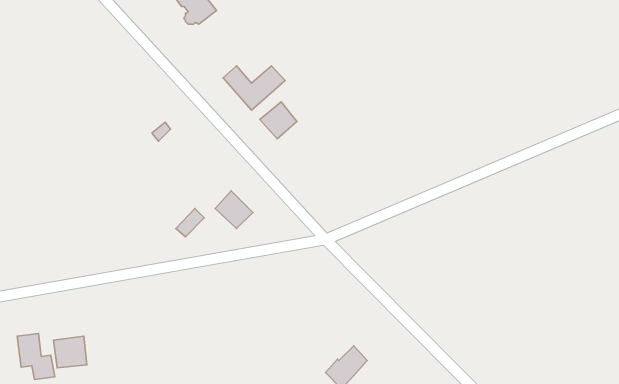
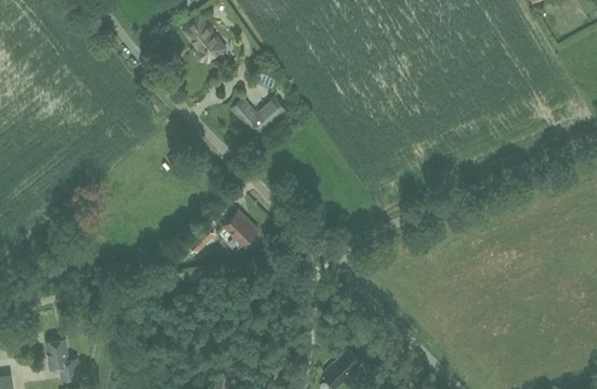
building: [260,102,297,139] -> none
building: [53,336,87,368] -> none

